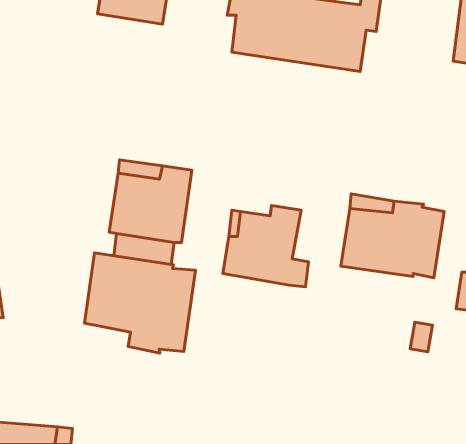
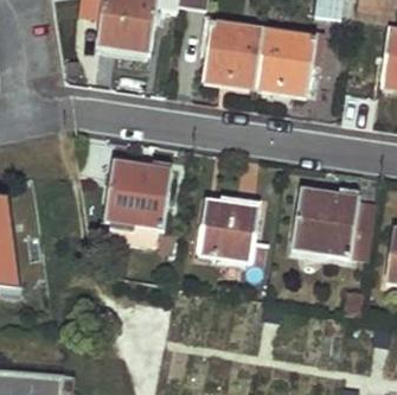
building: [84,253,195,353] -> none

